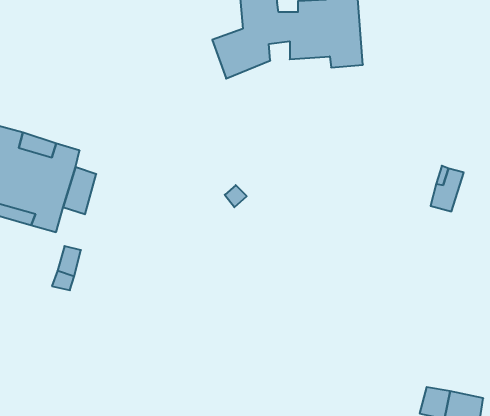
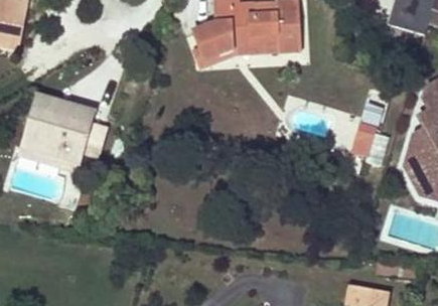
building: none -> [202,32,279,65]

